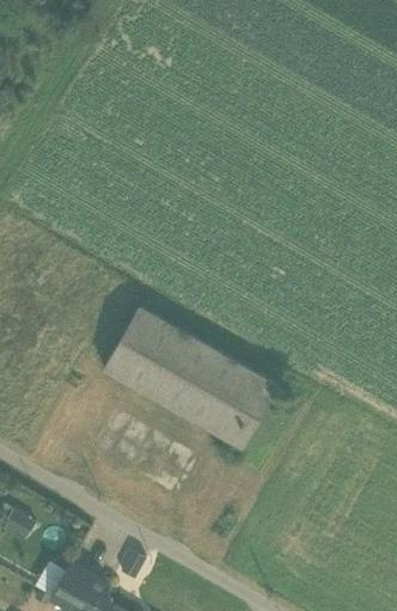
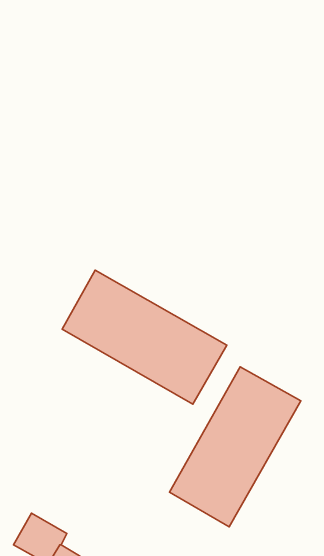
building: none -> [169,367,301,527]

